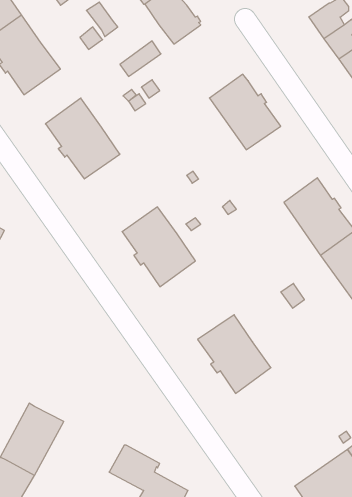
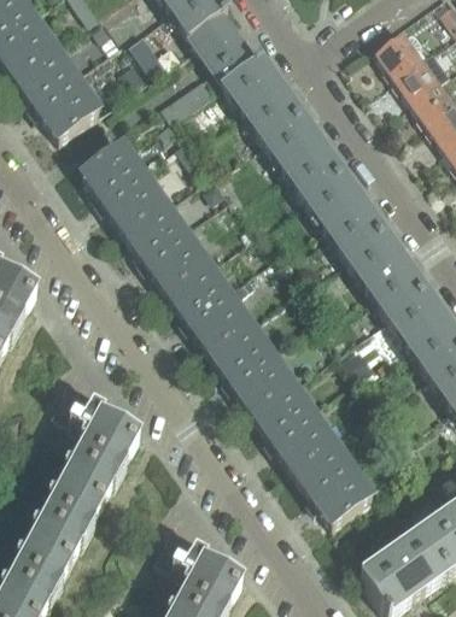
building: none -> [222,52,302,137]
building: none -> [305,169,385,254]
building: none -> [124,200,206,287]
building: none -> [209,319,292,407]
building: none -> [49,380,138,499]
building: none -> [293,439,370,521]

